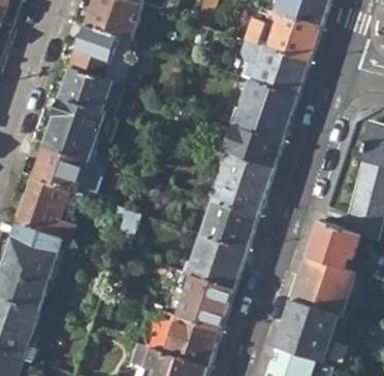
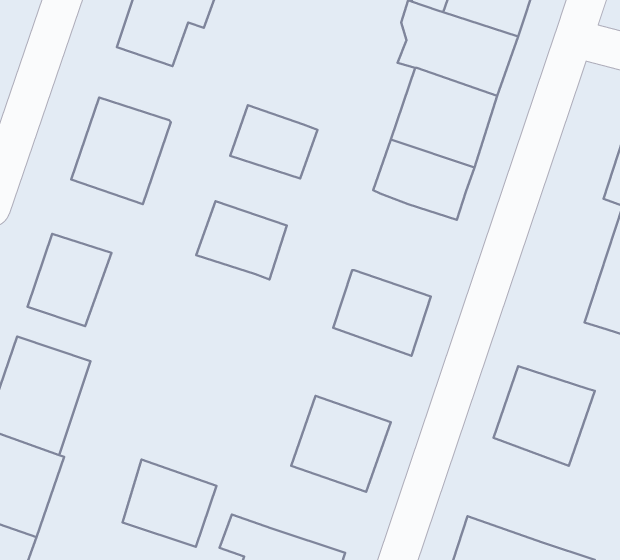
building: [61,67,113,110] -> [230,105,317,179]
building: [33,145,87,192] -> [196,201,287,280]
building: [212,153,273,214] -> none
building: [309,220,361,269] -> none
building: [186,233,246,288] -> none
building: [279,298,339,360] -> none
building: [163,314,219,366] -> [122,460,217,547]

